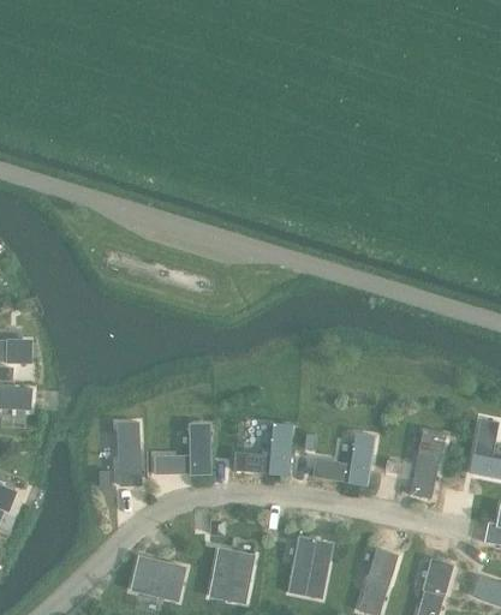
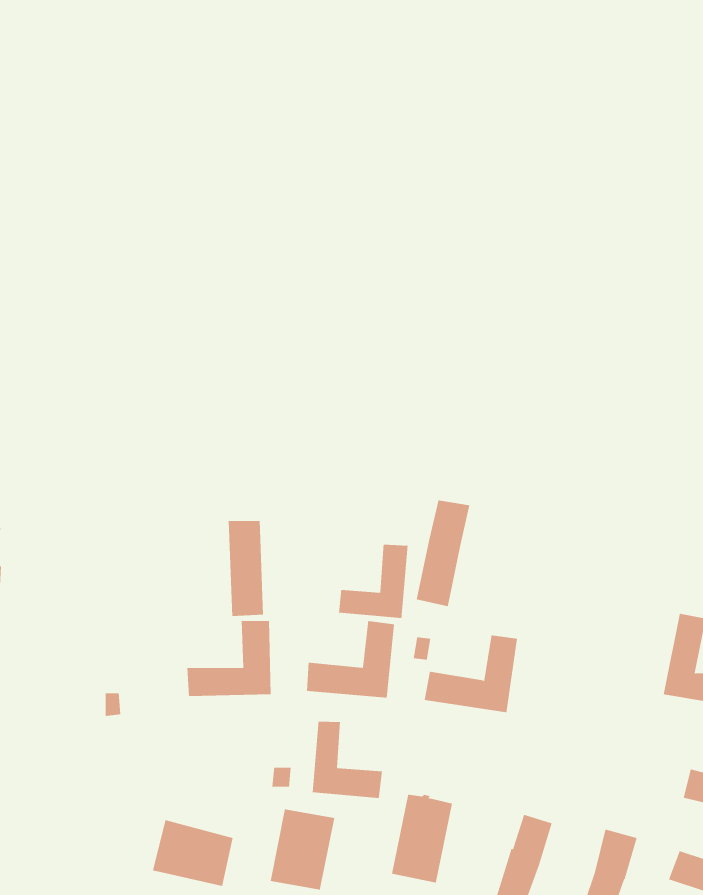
building: none -> [339,544,408,619]
building: [117,422,141,485] -> [228,521,264,617]
building: [408,428,445,498] -> [416,500,470,607]
building: none -> [312,721,382,799]

